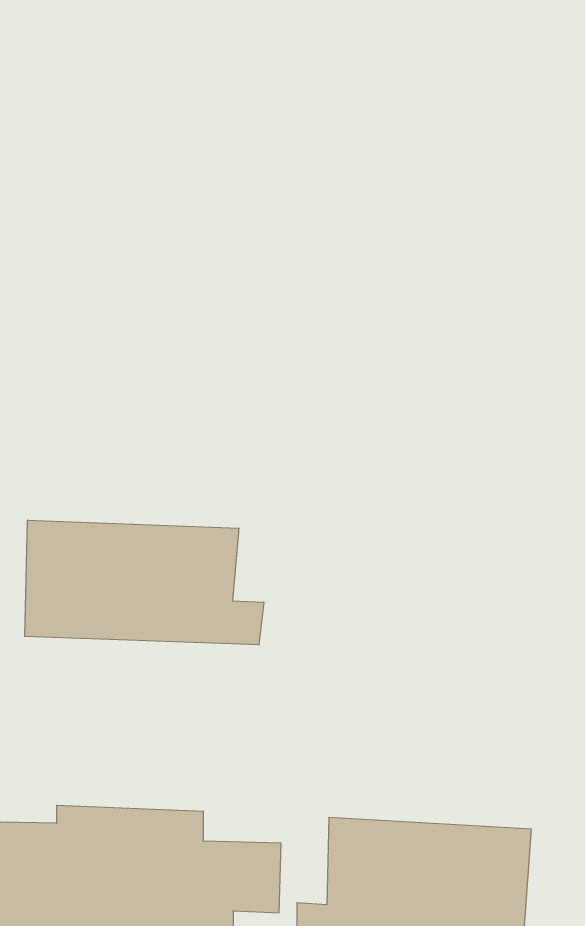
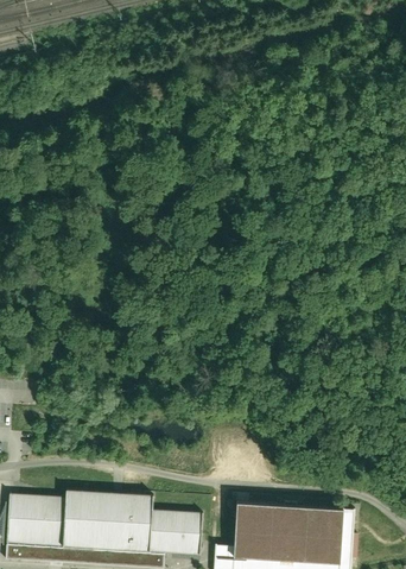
building: [25,520,264,645] -> none

